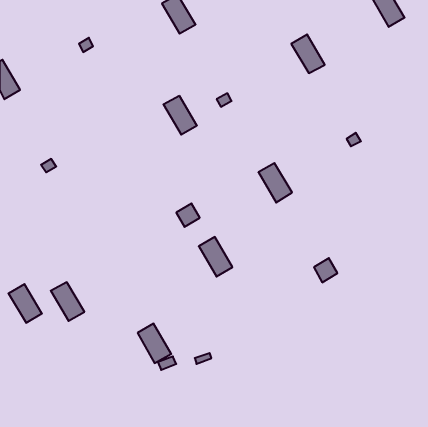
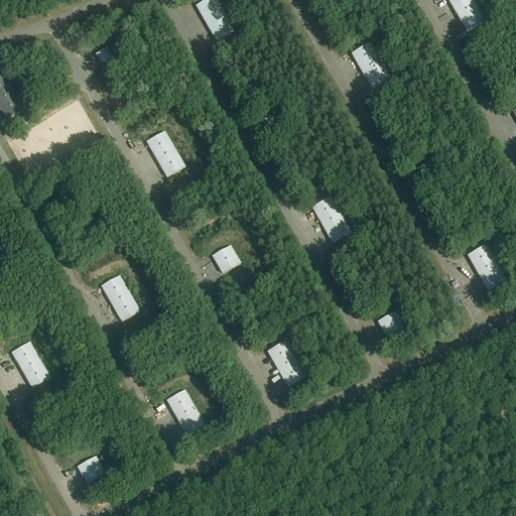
building: [163,96,197,135] -> [145,130,185,176]
building: none -> [467,243,506,290]
building: [199,237,232,277] -> [266,340,306,387]
building: [51,282,84,321] -> [100,274,140,320]
building: none -> [77,455,105,483]

